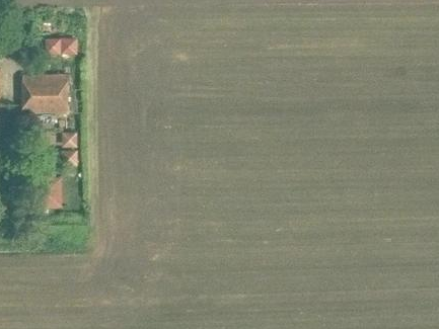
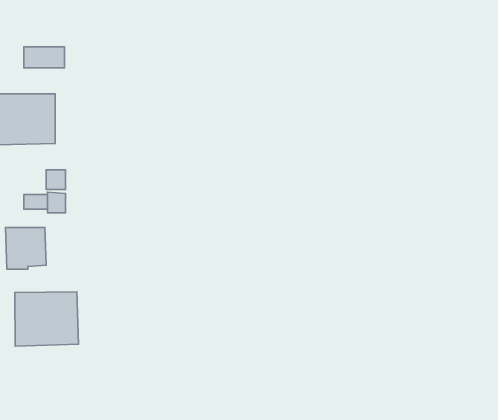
building: none -> [15,292,78,346]

